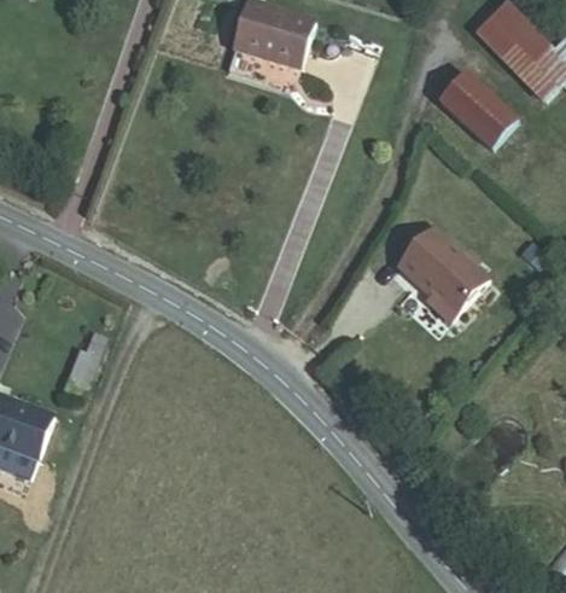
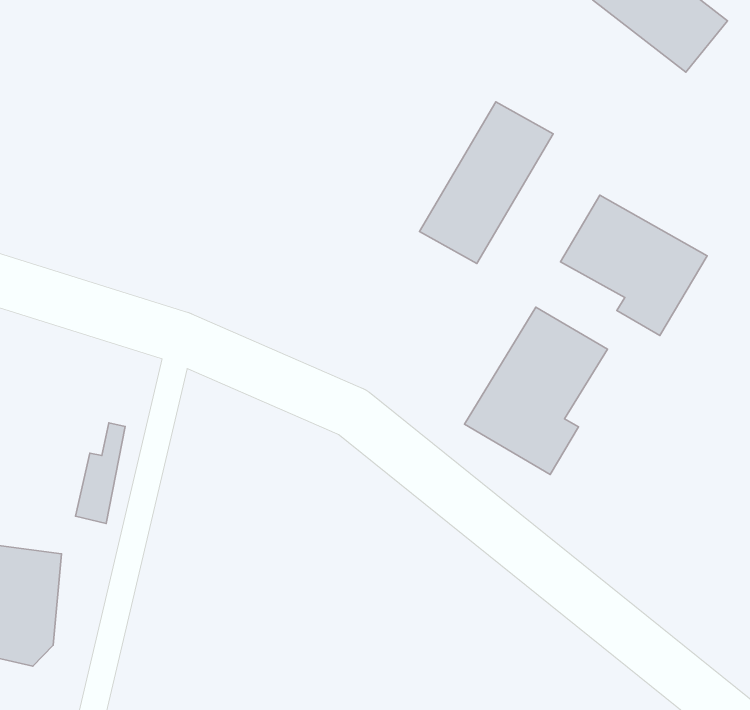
building: none -> [419,102,553,264]
building: none -> [464,307,608,474]

